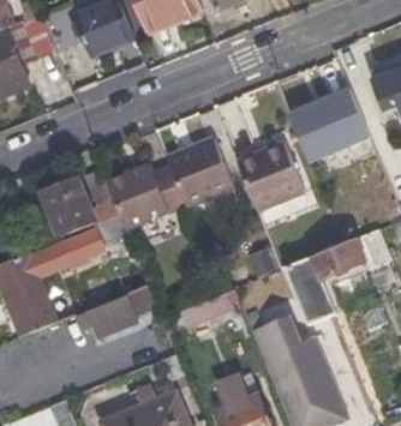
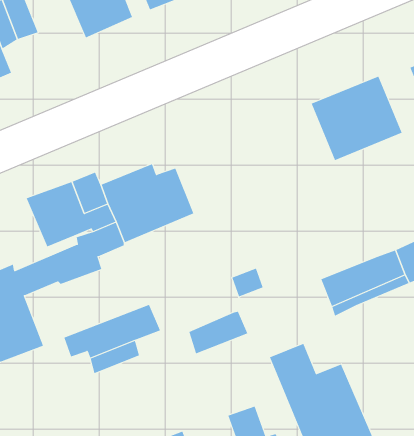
building: [166,136,234,210] -> none
building: [238,142,305,211] -> none
building: [283,263,336,322] -> none

